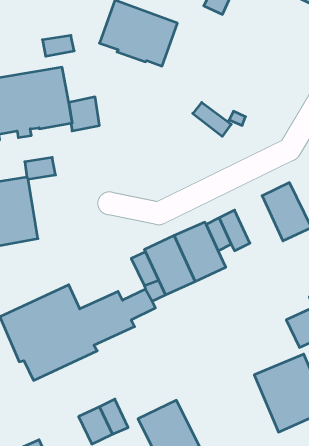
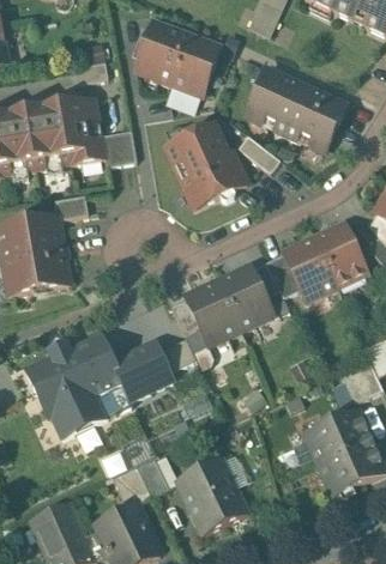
building: none -> [246,68,345,148]
building: none -> [165,123,246,206]
building: none -> [282,236,336,299]

